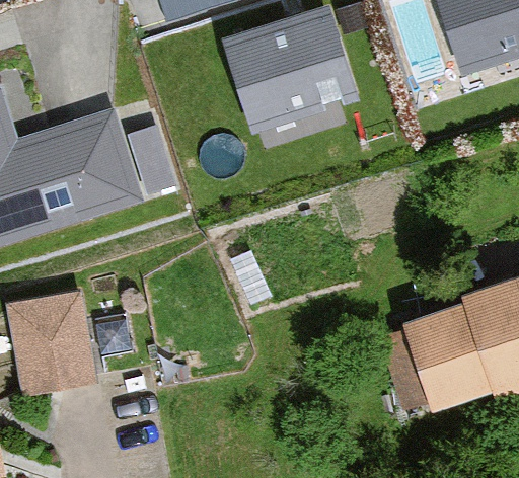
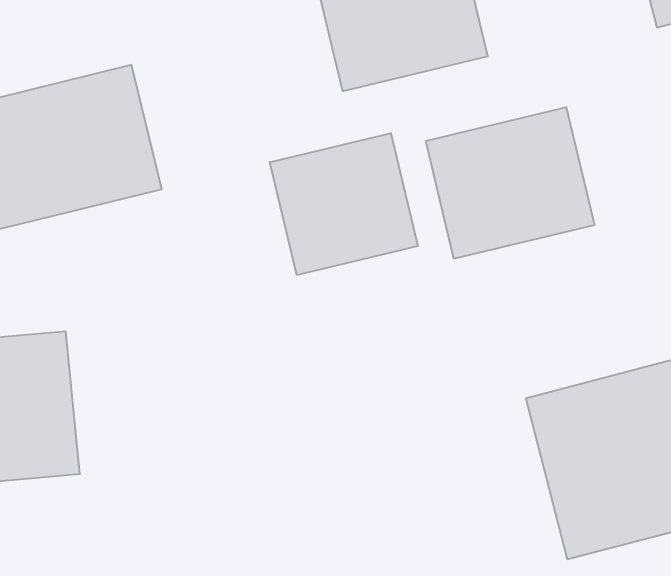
building: none -> [426,107,595,259]
building: none -> [270,133,418,275]

